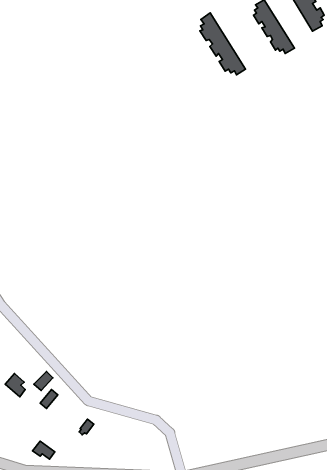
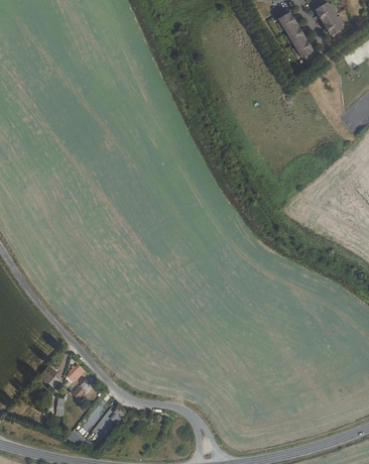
building: [200,13,245,75] -> none

